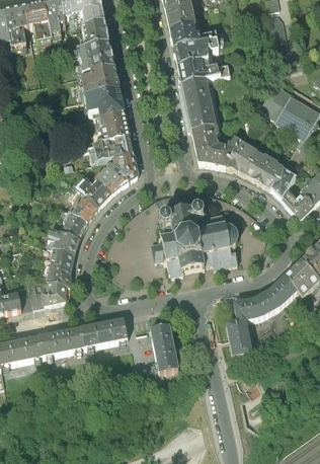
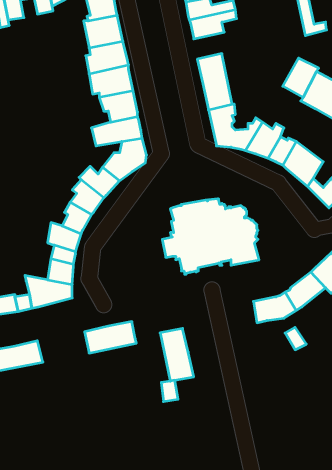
building: [179,59,229,82] -> none
building: [226,317,251,355] -> none
building: [38,327,85,355] -> none

